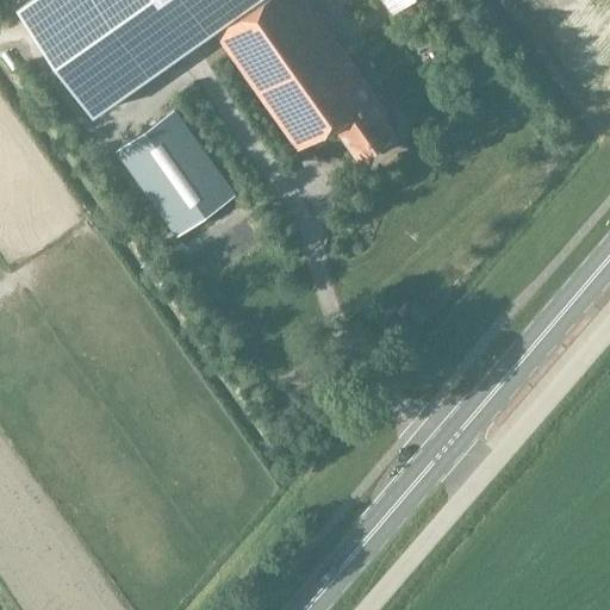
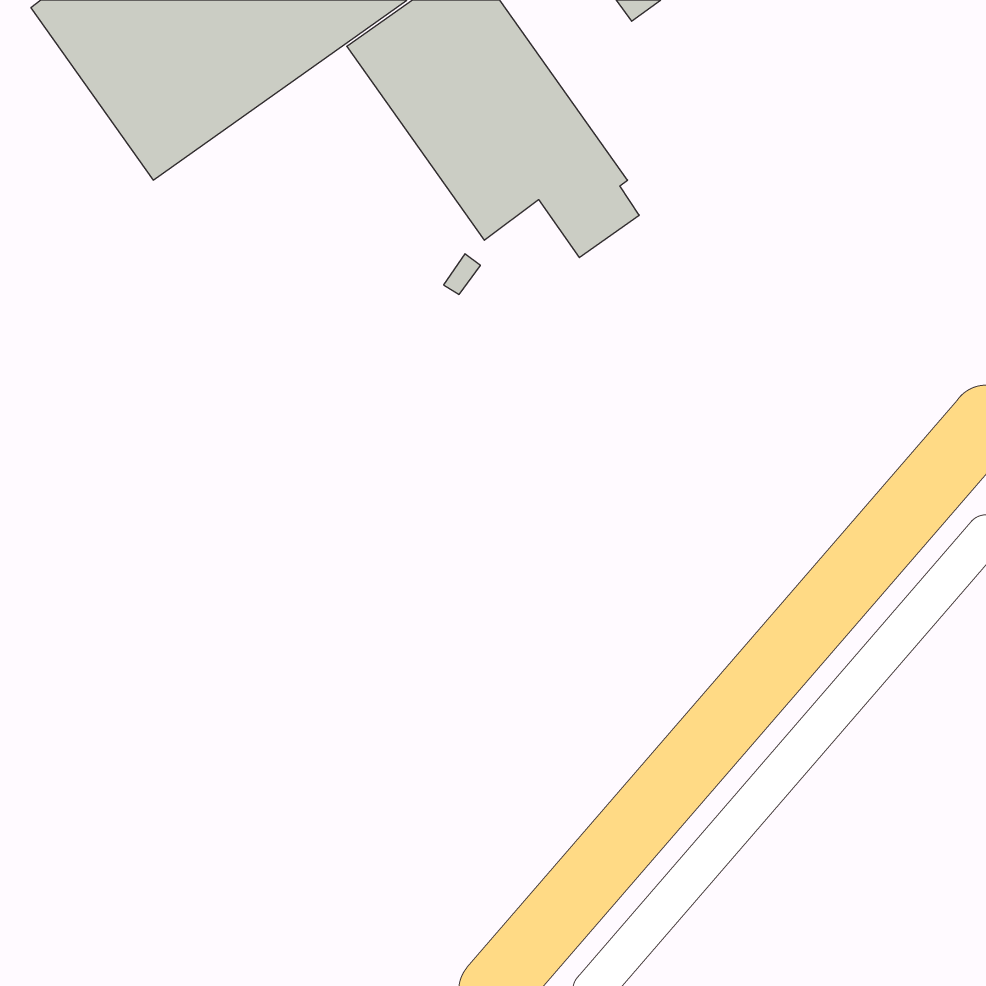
building: [118,112,231,234] -> none

